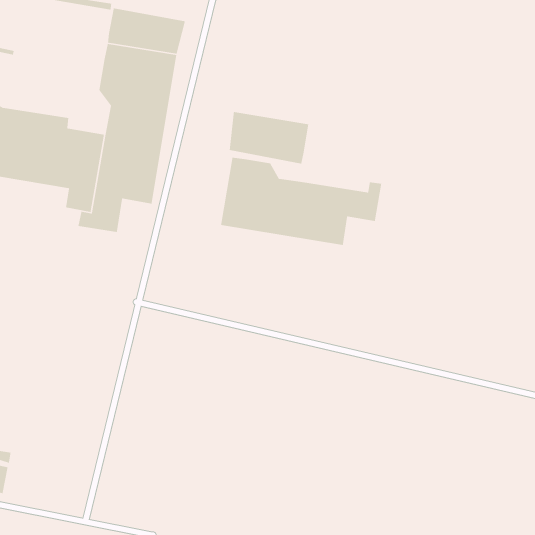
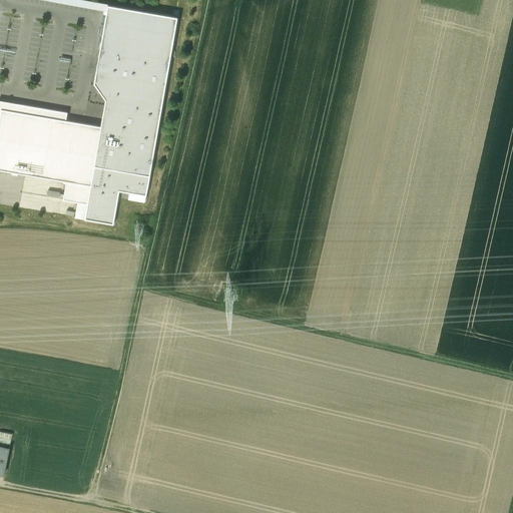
building: [229,111,309,165] -> none
building: [220,157,382,246] -> none

